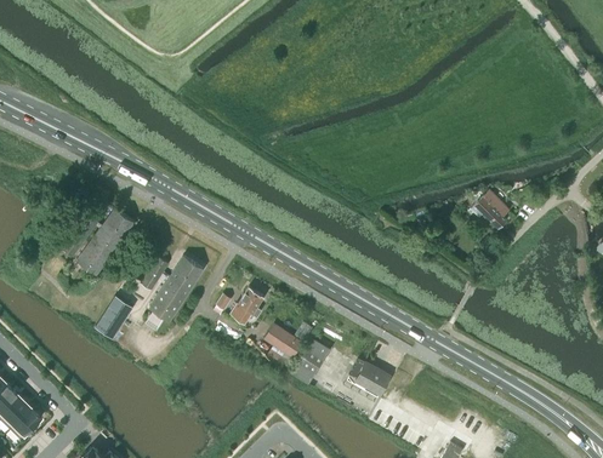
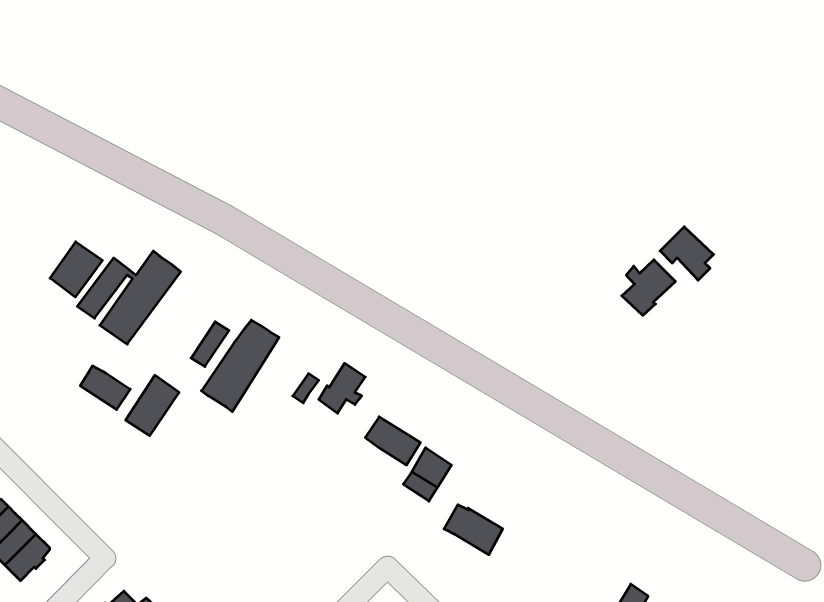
building: none -> [50,242,102,297]
building: none -> [622,260,675,315]
building: none -> [80,366,130,410]
building: [348,359,389,394] -> [444,505,503,555]

